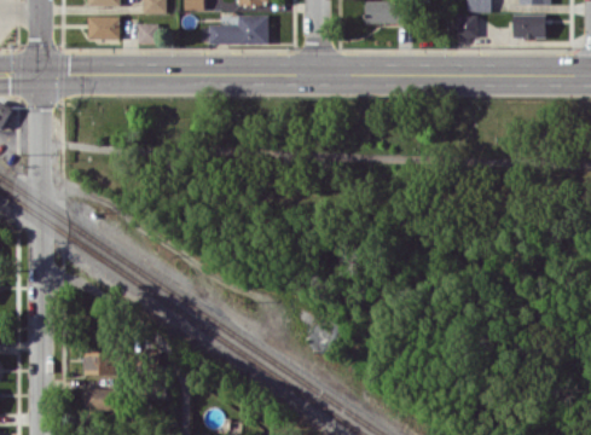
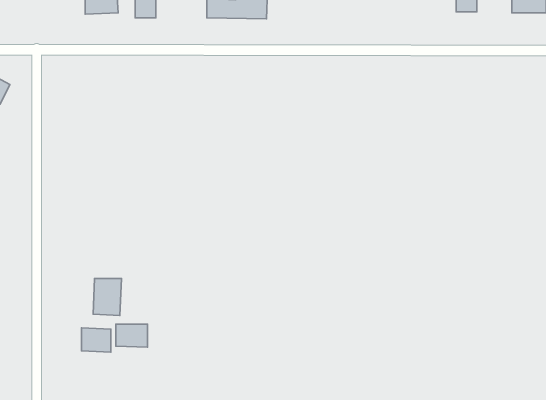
building: none -> [93,278,121,316]
building: [82,388,114,411] -> [116,324,148,347]

